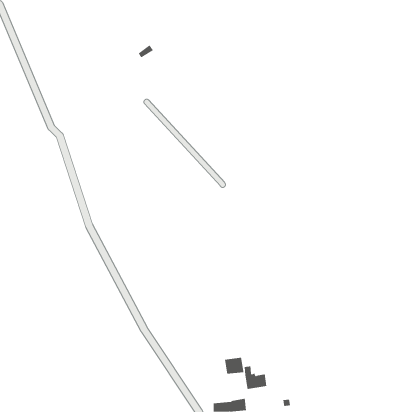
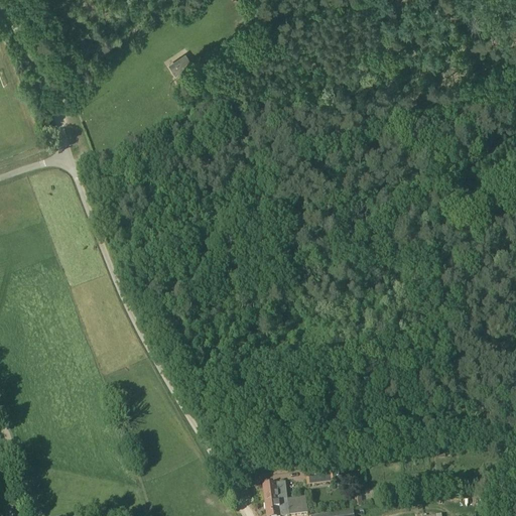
building: [224,357,244,374] -> [262,481,287,502]

